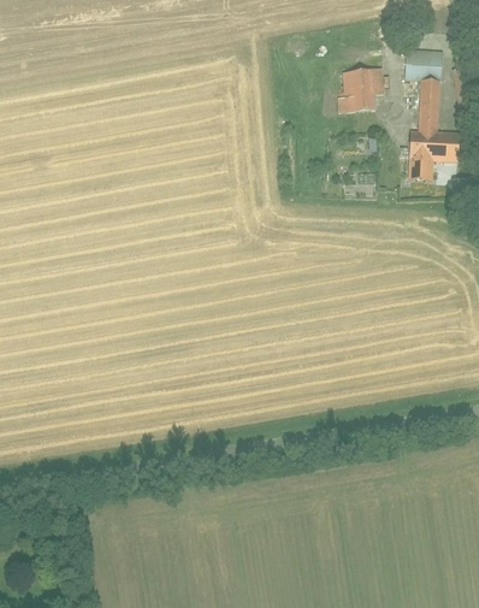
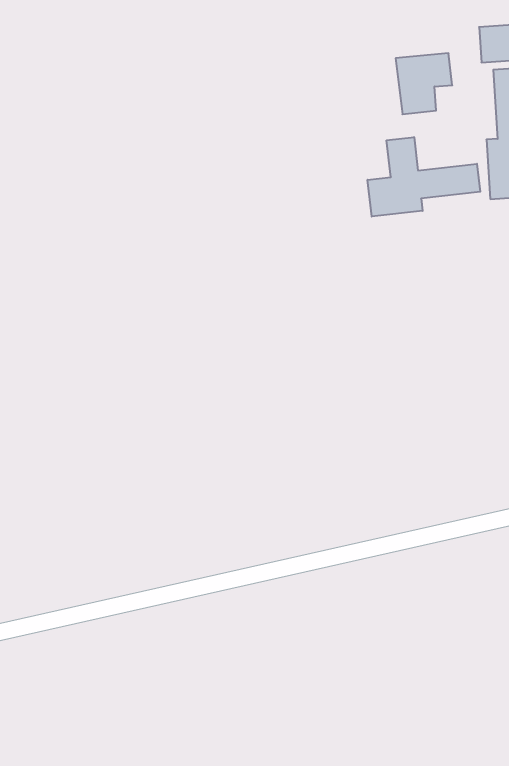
building: none -> [368,137,480,217]

